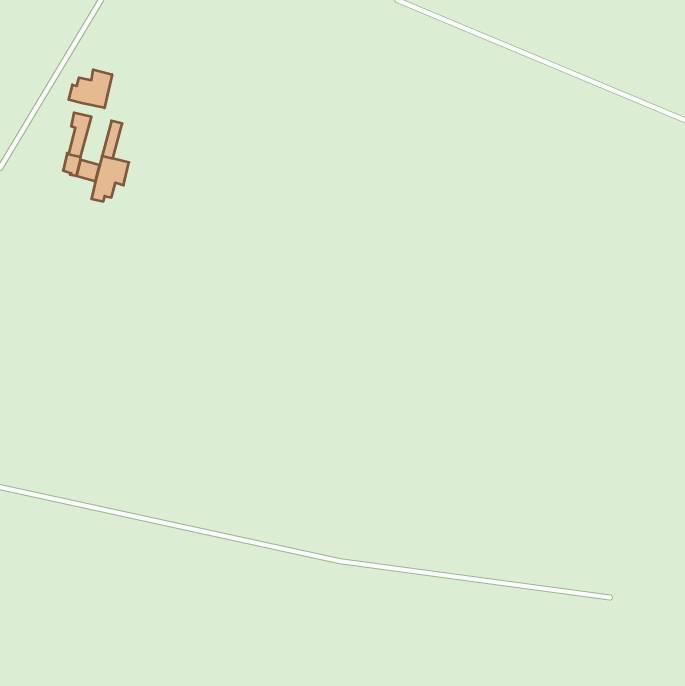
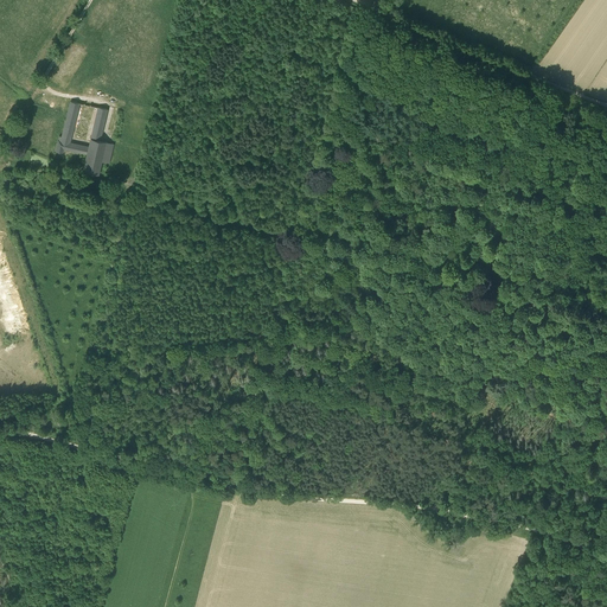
building: [69,70,112,108] -> none

